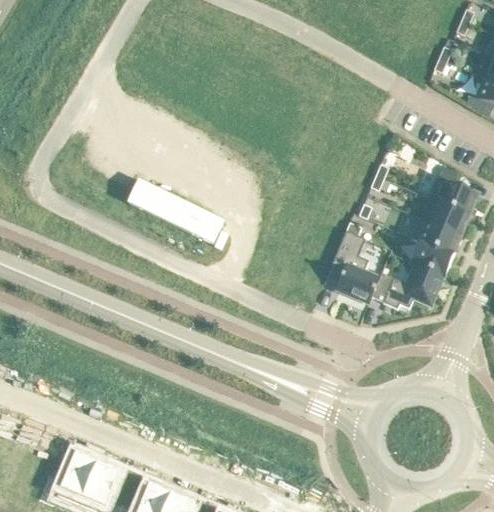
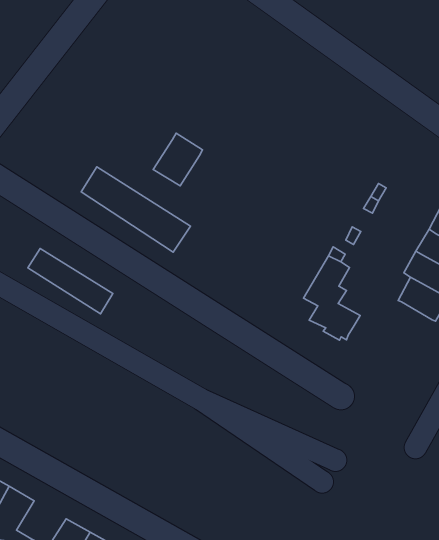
building: none -> [153,133,202,186]
building: none -> [28,248,113,314]
building: [371,262,441,308] -> none

